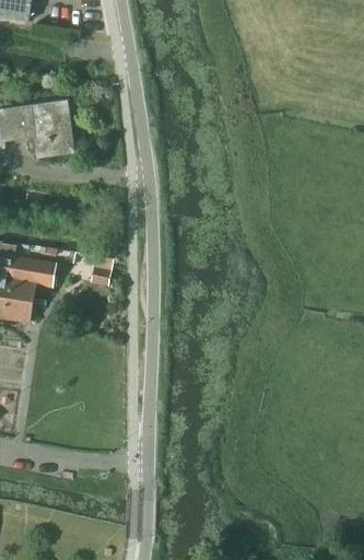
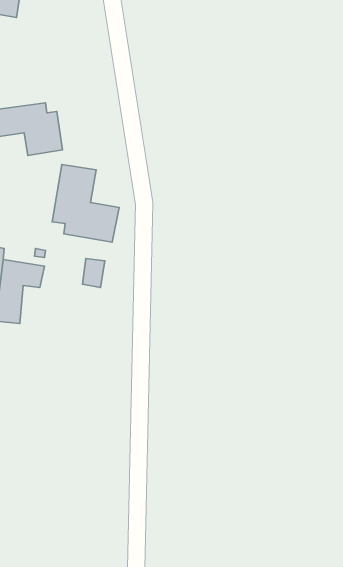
building: none -> [52,164,119,242]

